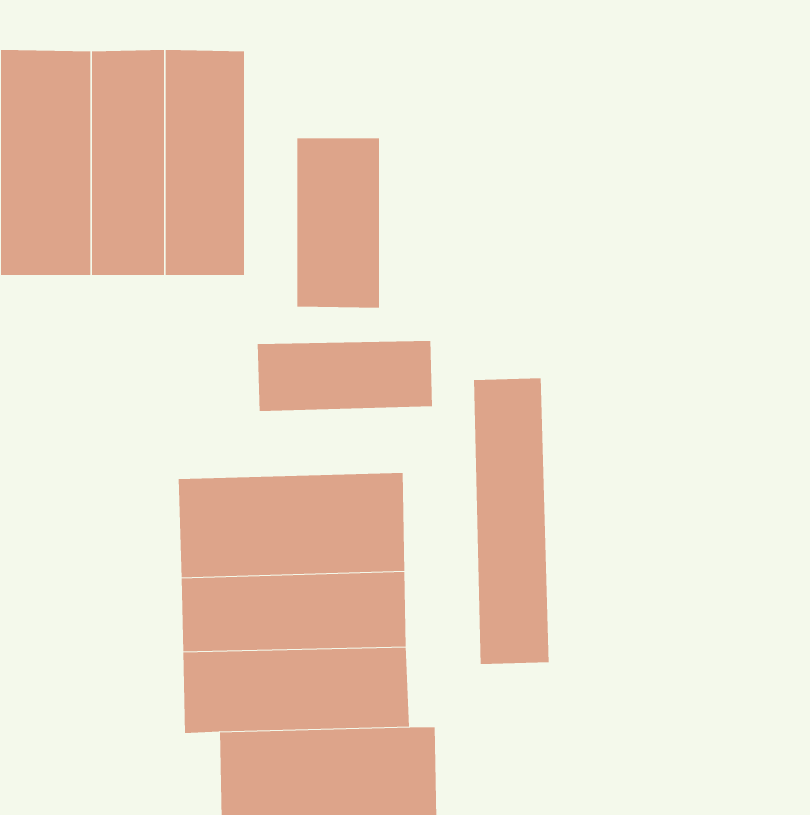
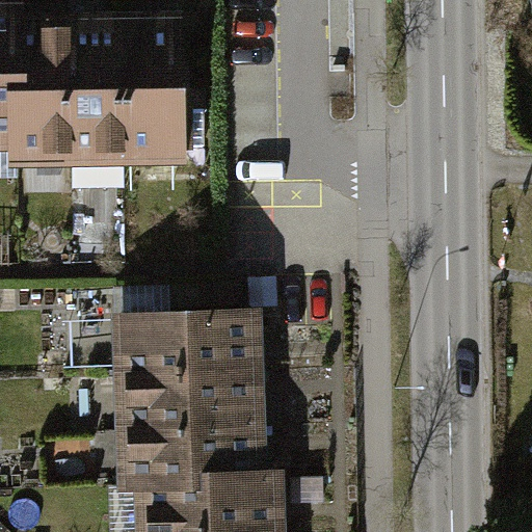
building: [297,137,380,308] -> none
building: [257,340,433,412] -> none
building: [473,377,549,665] -> none

